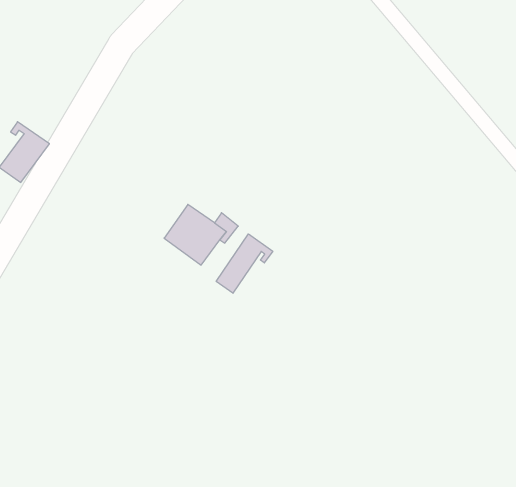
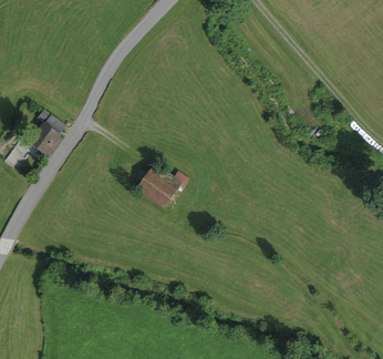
building: [216,234,273,293] -> none

